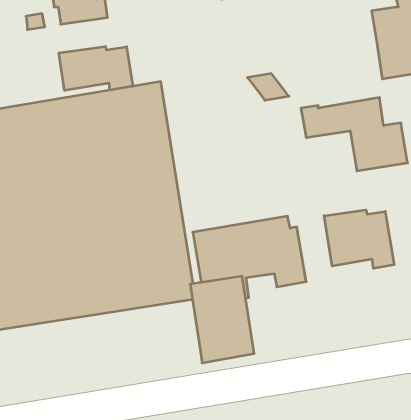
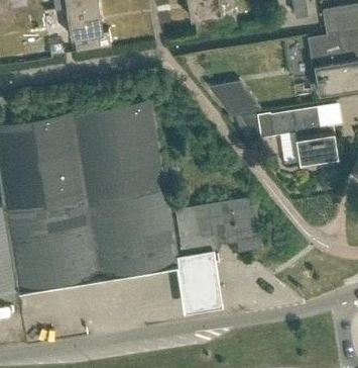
building: [59,46,133,90] -> none
building: [324,210,394,268] -> none

